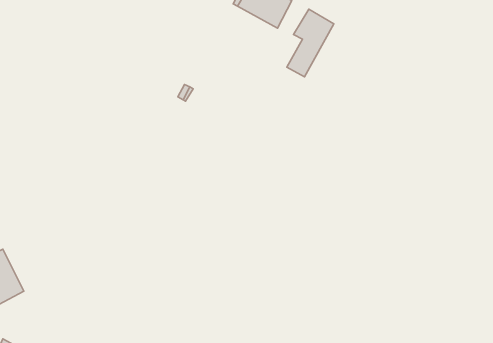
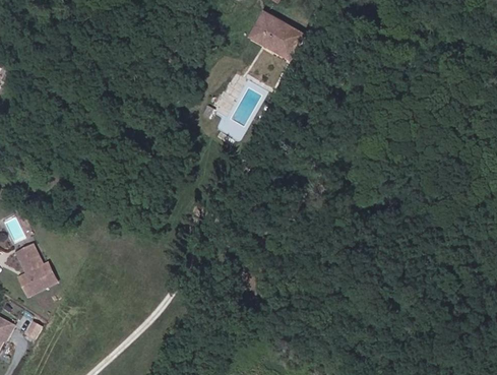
building: [287,9,334,77] -> none

